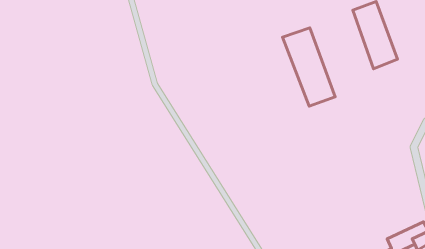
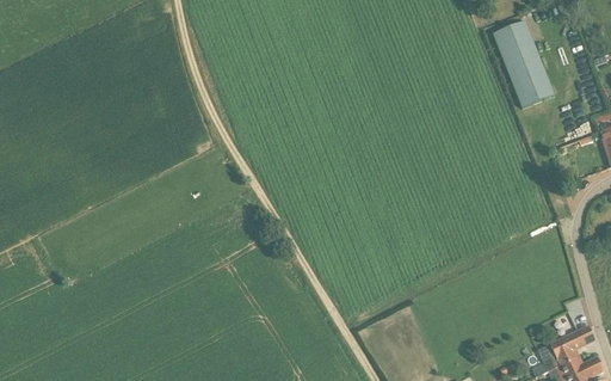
building: [282,28,335,106] -> none

